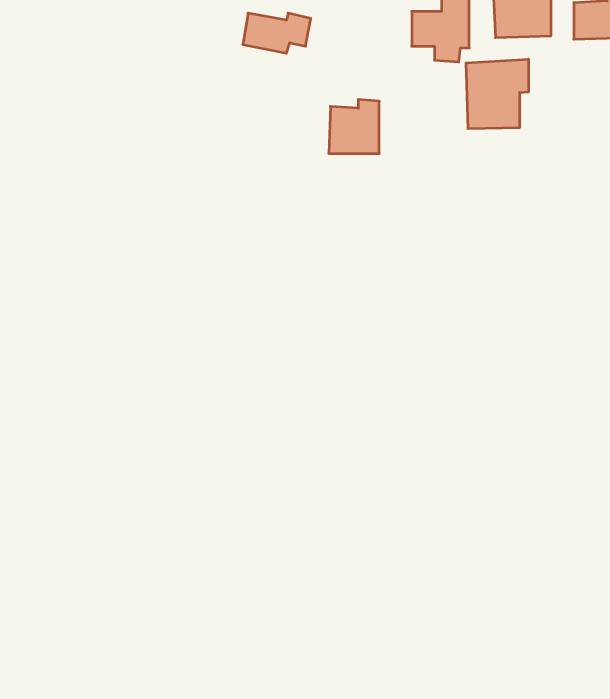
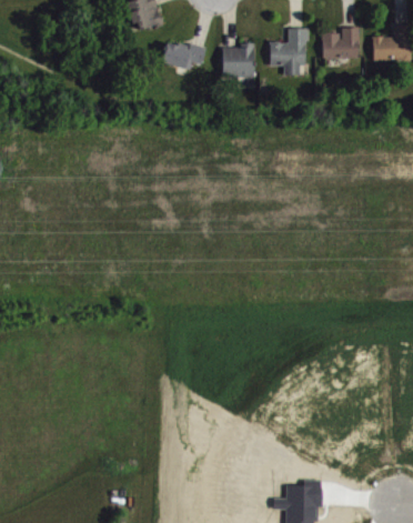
building: [466,59,528,129] -> none
building: [329,99,379,153] -> [222,42,254,77]

